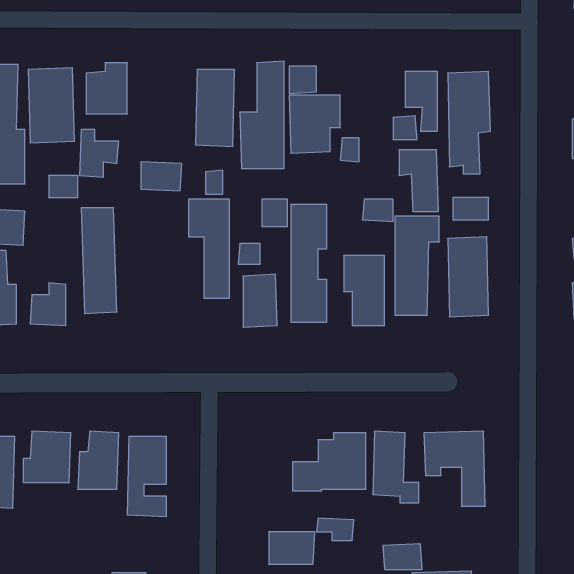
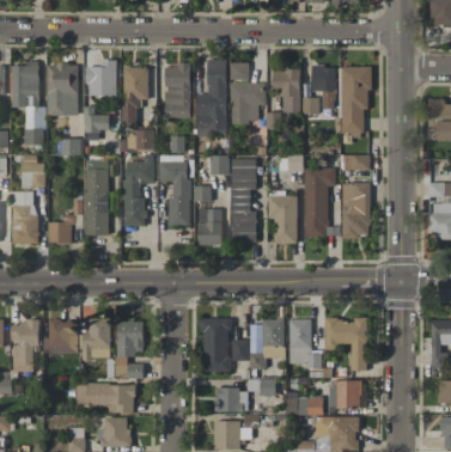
building: none -> [122,67,148,128]
building: [399,150,438,211] -> [273,69,300,112]
building: none -> [123,154,154,226]
building: none -> [202,318,230,372]
building: none -> [336,380,361,408]
building: none -> [75,384,135,413]

